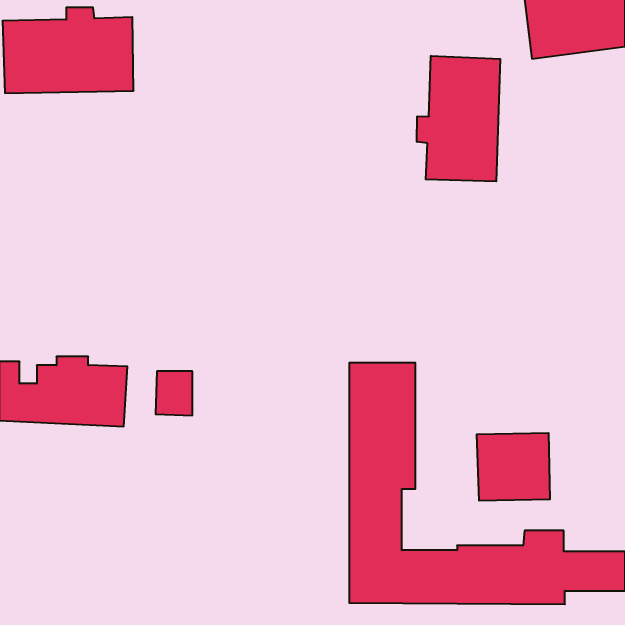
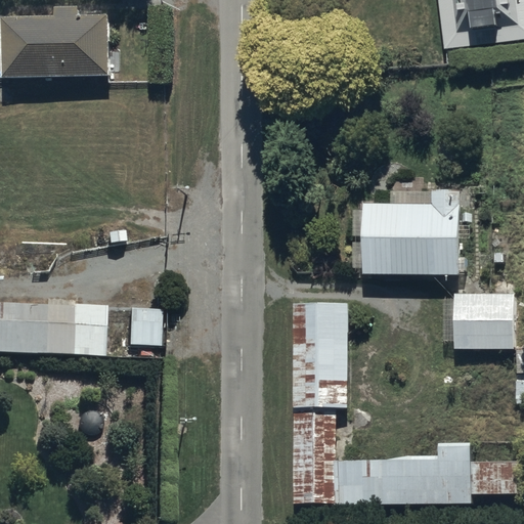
building: [417,56,500,181] -> none
building: none -> [361,176,460,275]
building: [477,433,550,501] -> [452,293,514,349]

